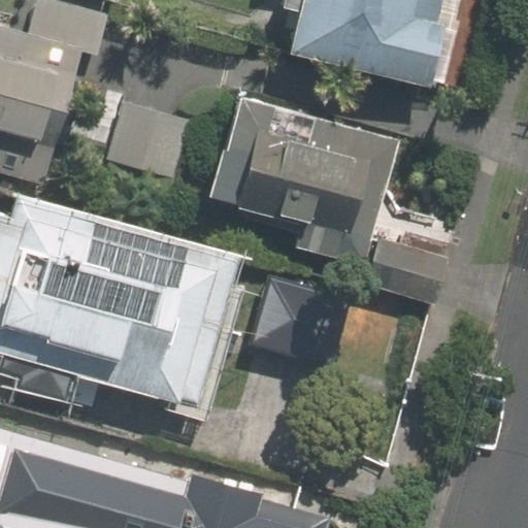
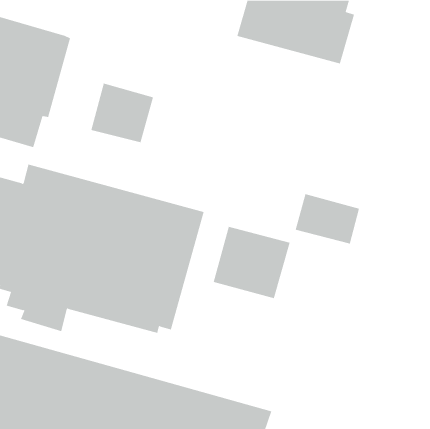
building: [212,97,389,265] -> none

